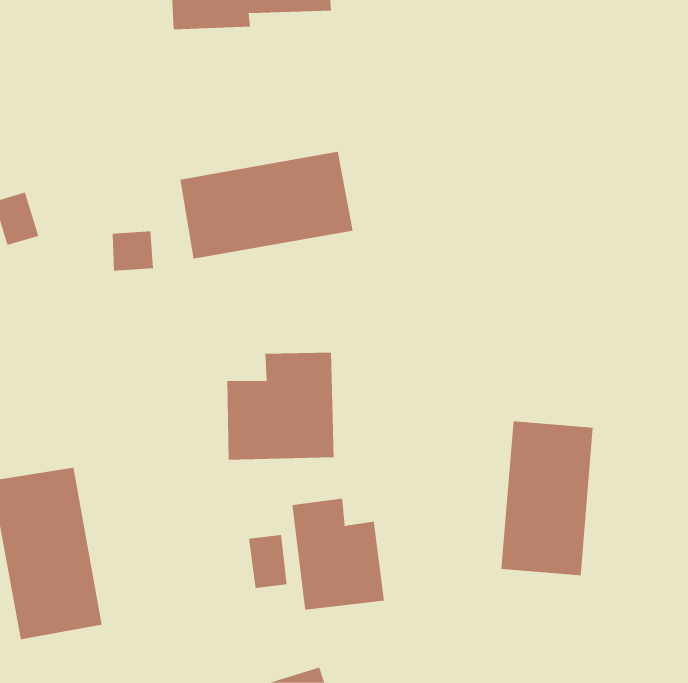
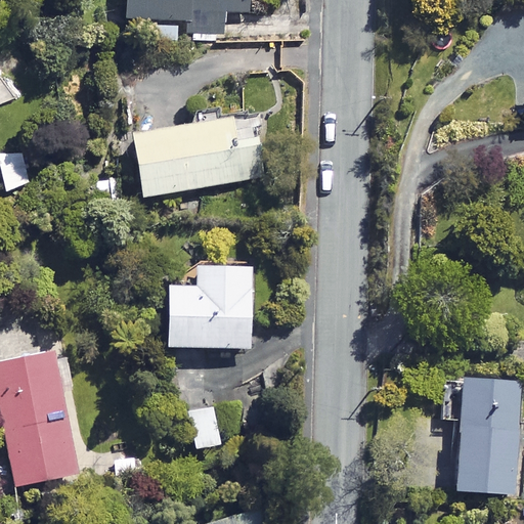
building: [501,421,594,576] -> [444,370,515,488]
building: [292,498,384,611] -> none

